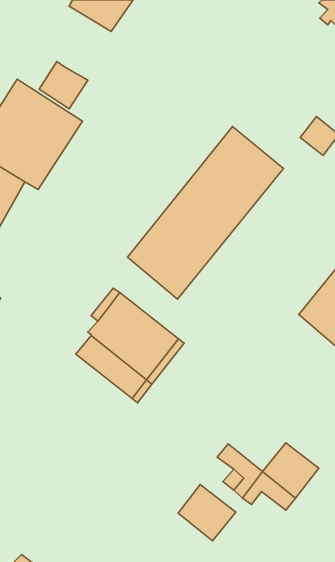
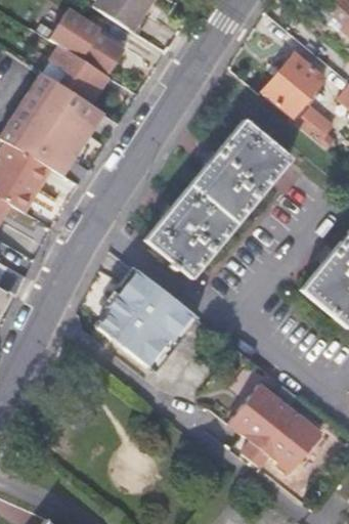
building: none -> [53,10,125,73]
building: none -> [261,53,323,118]
building: [178,484,236,541] -> [238,385,292,437]

